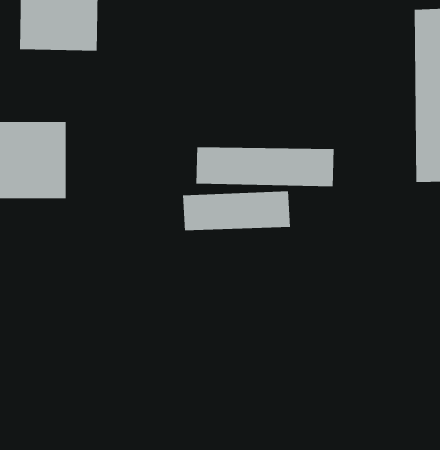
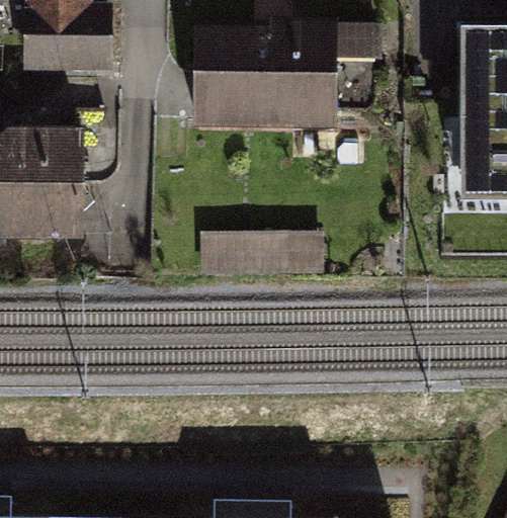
building: none -> [199,36,341,121]
building: [196,146,334,187] -> none

